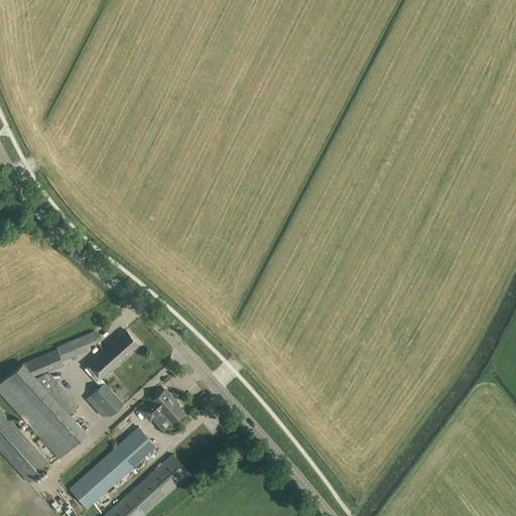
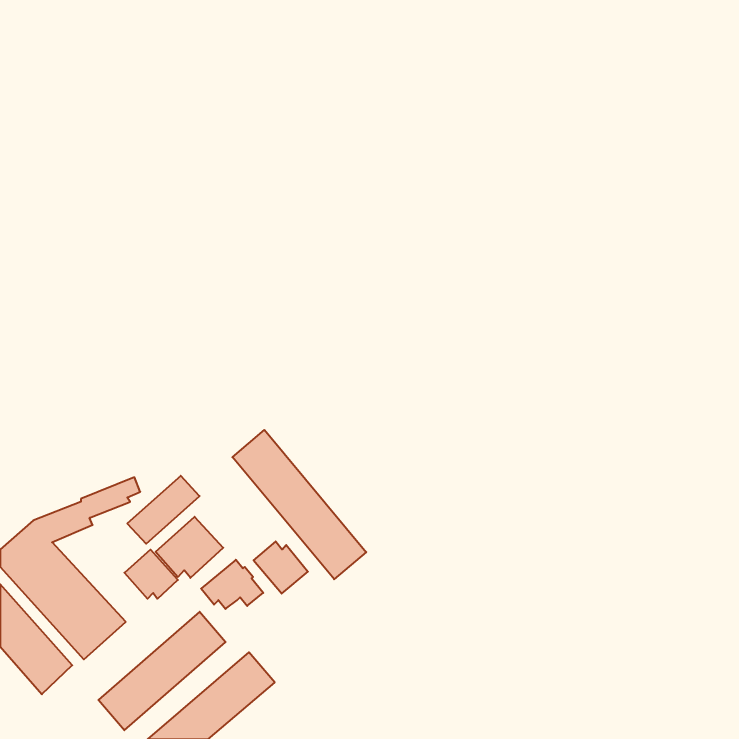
building: none -> [232,430,366,579]
building: none -> [156,517,223,578]
building: none -> [254,541,308,594]

